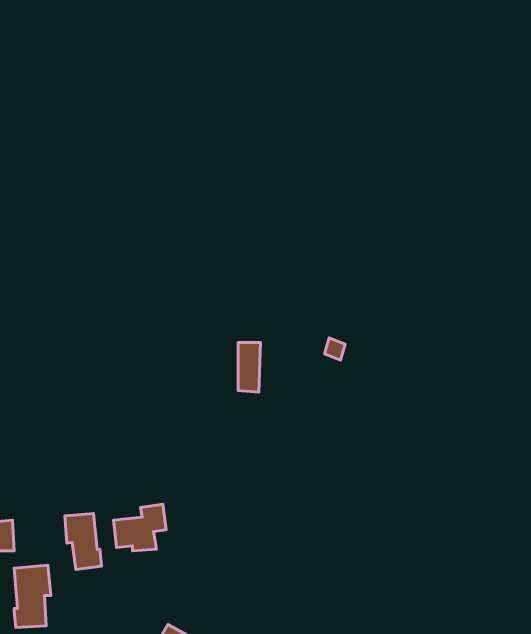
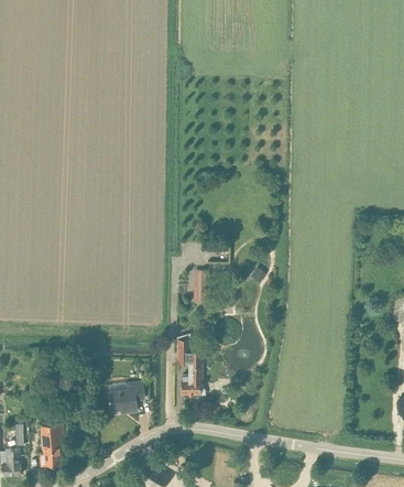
building: none -> [177,340,204,394]
building: [65,514,101,570] -> none

